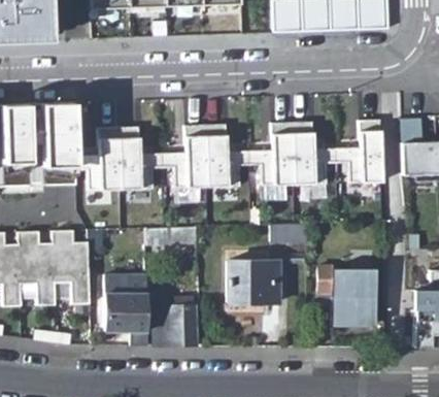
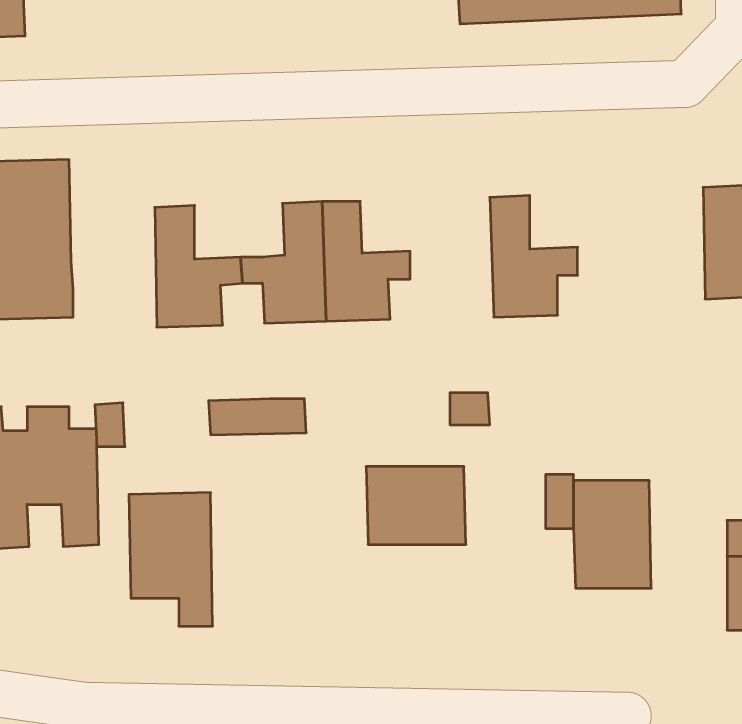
building: [337,120,382,183] -> none
building: [250,123,294,186] -> none
building: [75,128,120,191] -> none
building: [153,299,196,345] -> none

